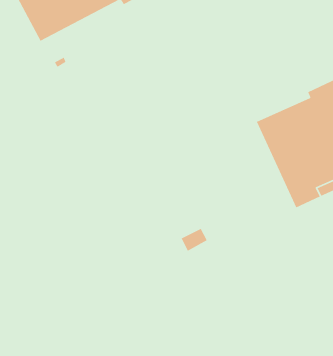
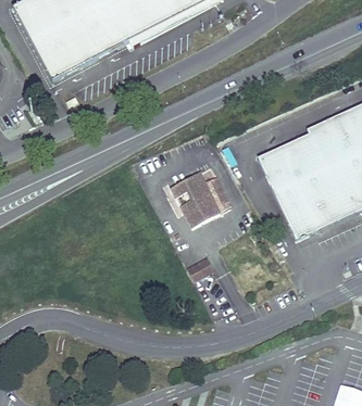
building: none -> [170,170,230,227]

